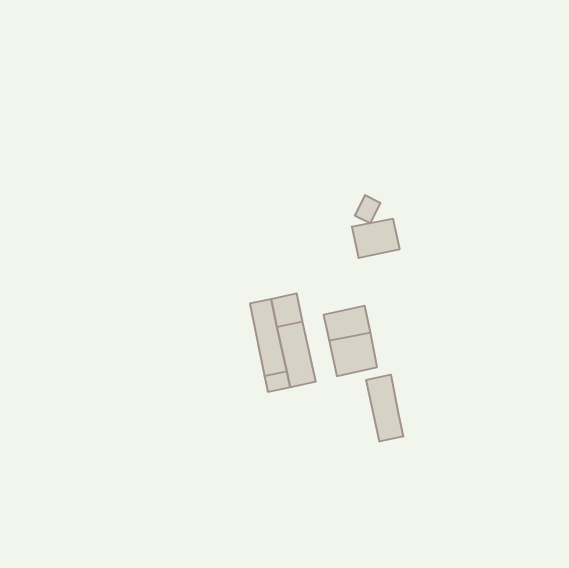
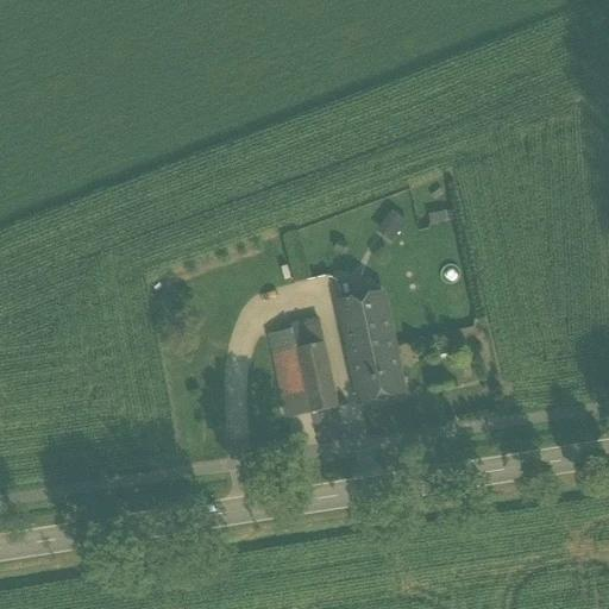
building: [352,219,400,258] -> [338,294,389,335]
building: [366,375,403,442] -> none

